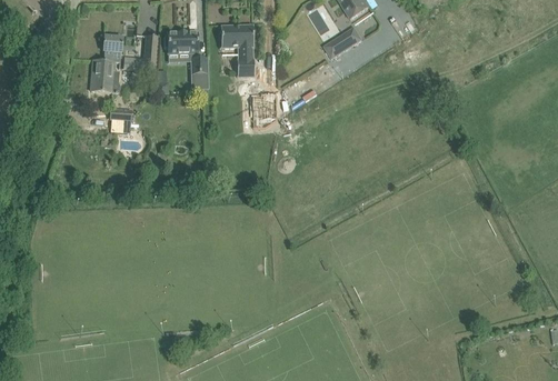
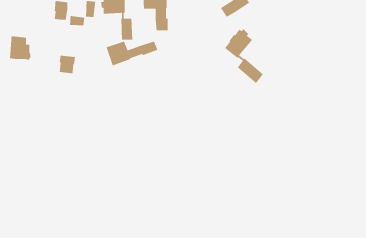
building: [91,59,120,92] -> [9,35,31,61]
building: none -> [224,28,264,84]
building: none -> [105,41,158,67]

